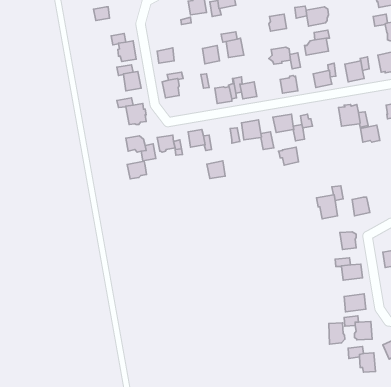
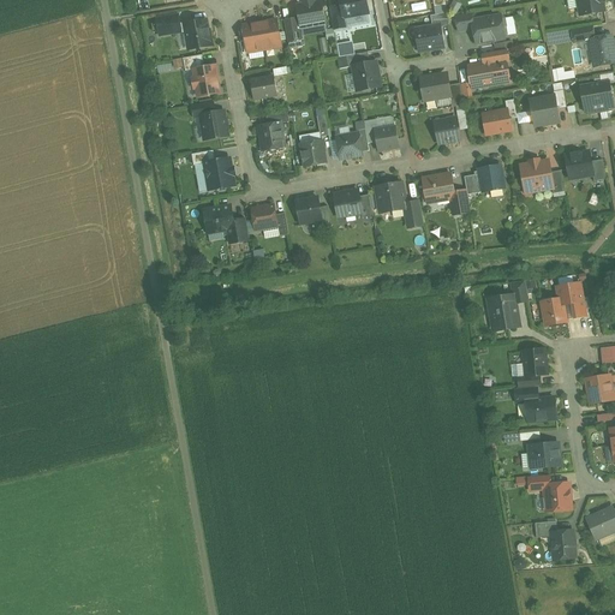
building: none -> [183,18,210,48]
building: none -> [241,18,280,50]
building: [202,45,219,64] -> [299,138,324,166]
building: [361,125,380,142] -> [563,150,592,175]
building: [278,147,299,165] -> [472,165,502,191]
building: [207,161,225,179] -> [333,189,360,215]
building: [127,161,147,179] -> none
building: none -> [554,281,584,316]
building: [329,323,345,344] -> none

